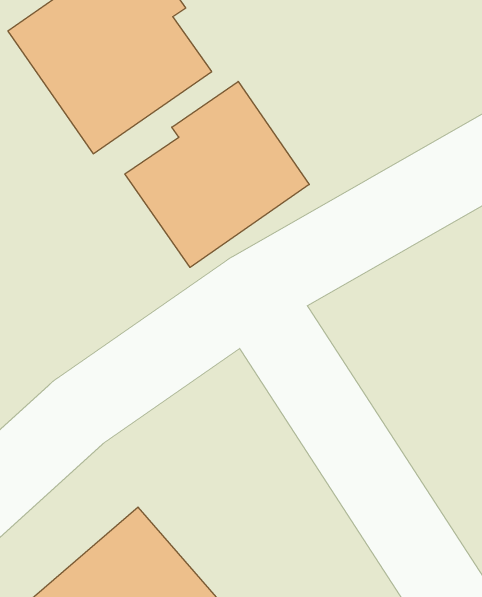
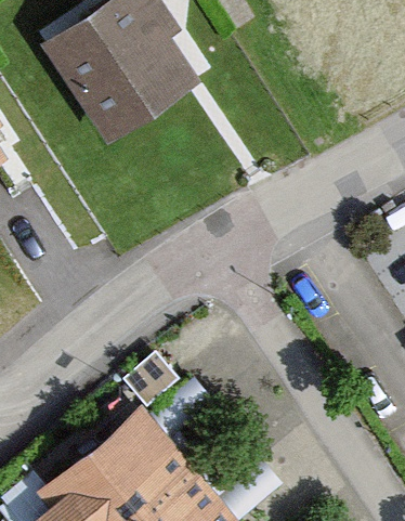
building: [125,81,309,267] -> none

